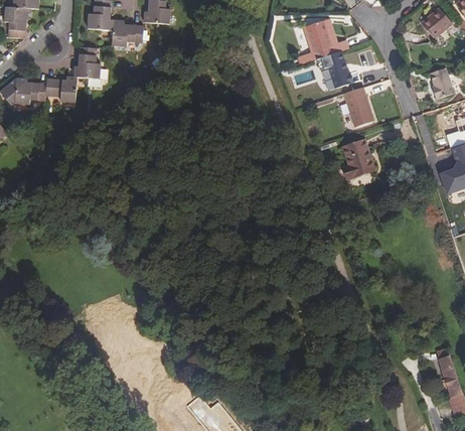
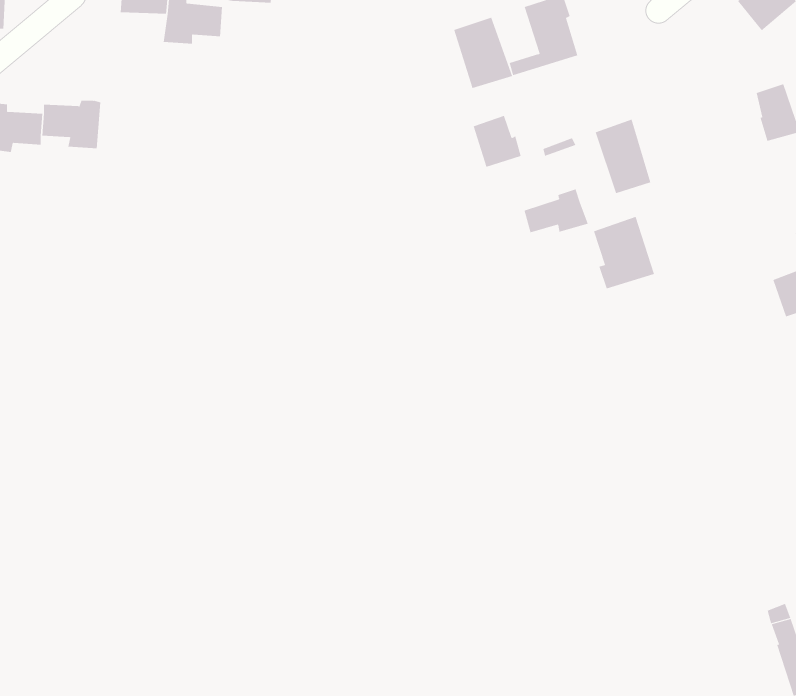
building: none -> [454,17,513,89]
building: [73,46,100,87] -> none
building: [327,59,353,88] -> [473,115,521,167]
building: none -> [524,188,588,233]

